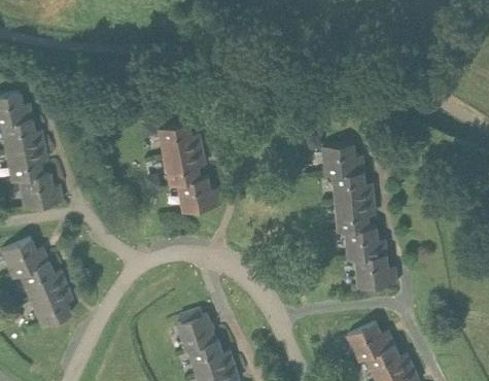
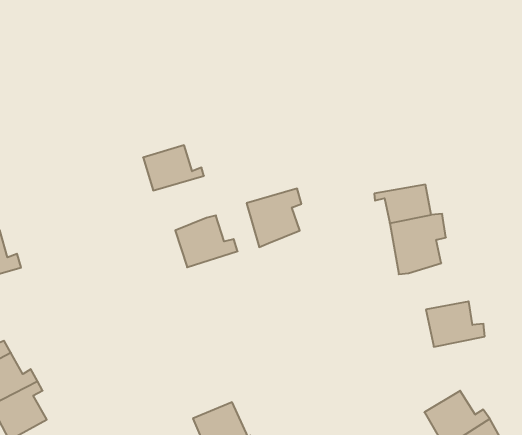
building: [322,144,363,172] -> none
building: [164,147,204,187] -> [247,189,301,247]
building: [345,228,387,261] -> none

